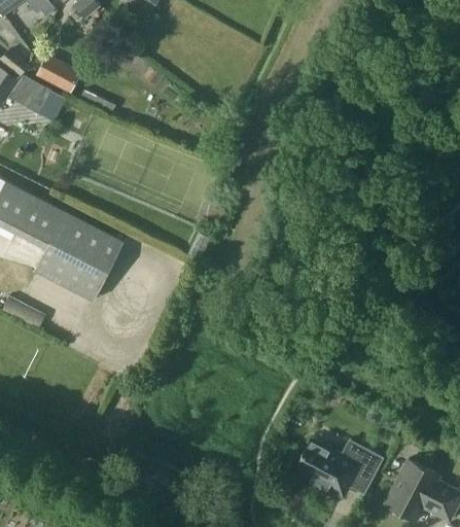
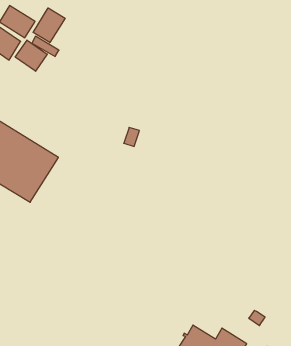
building: none -> [33,8,65,43]
building: none -> [15,40,47,71]

